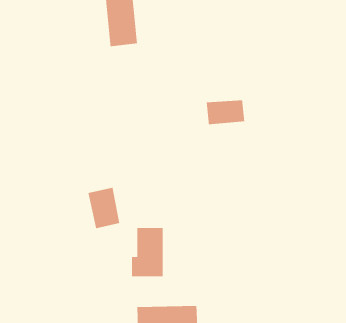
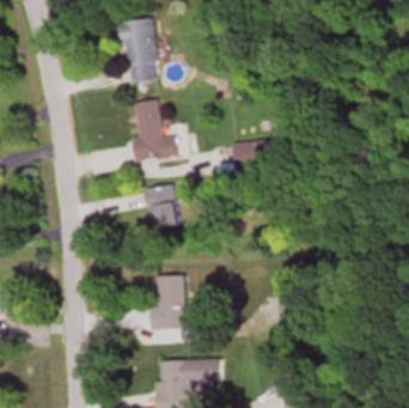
building: none -> [132,99,179,160]
building: [88,187,120,229] -> [145,184,179,230]

